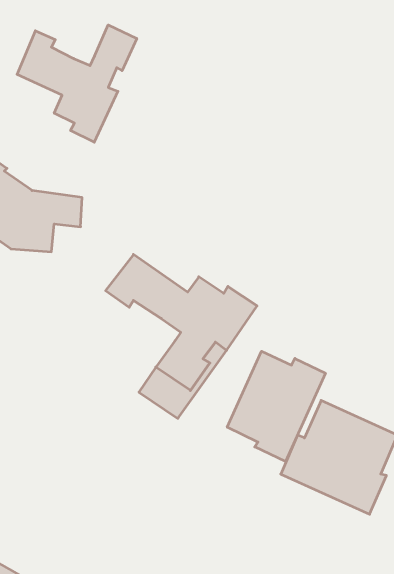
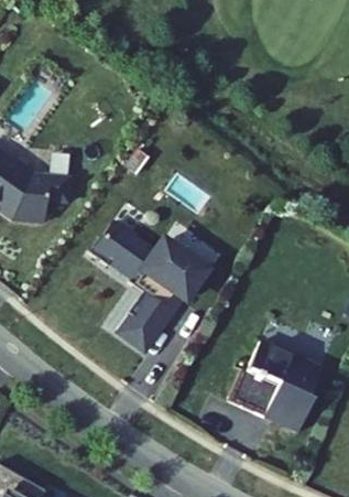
building: [17,25,137,142] -> none
building: [227,351,325,462] -> none

